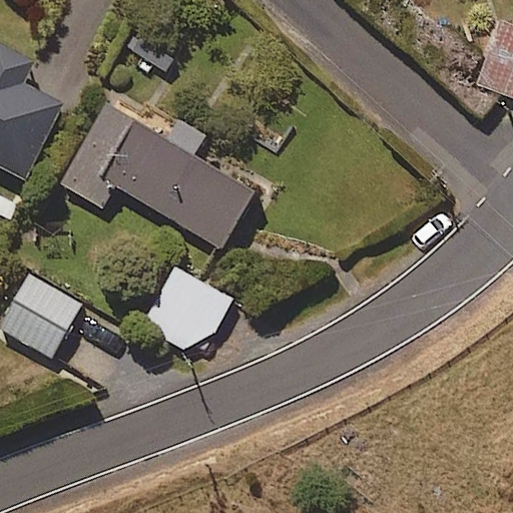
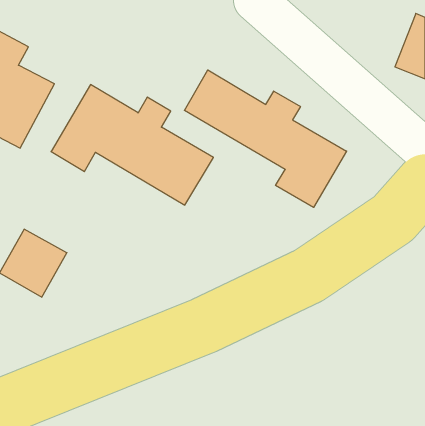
building: none -> [184,70,347,207]
building: [141,267,231,348] -> none

